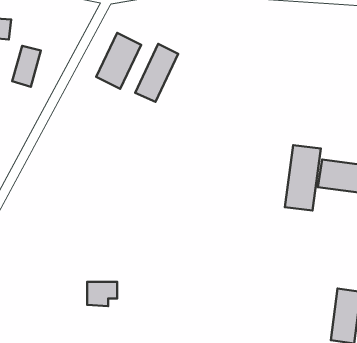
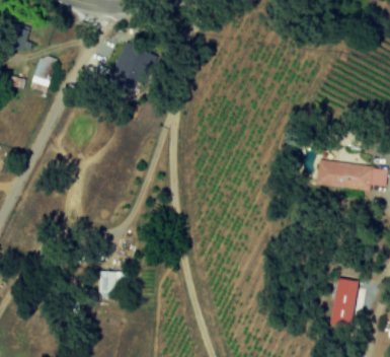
building: [135,44,178,102] -> none
building: [285,145,321,211] -> none

